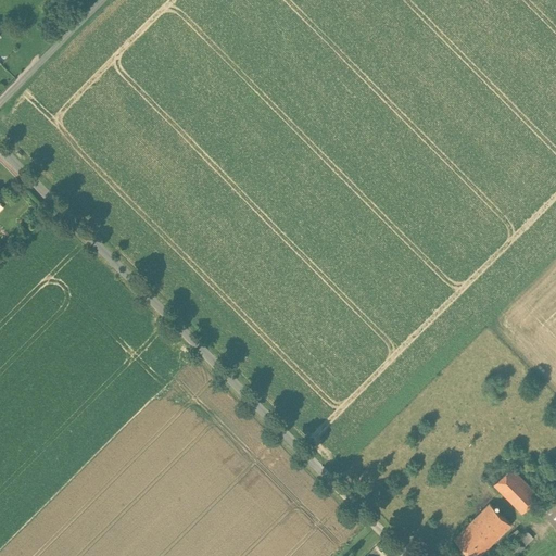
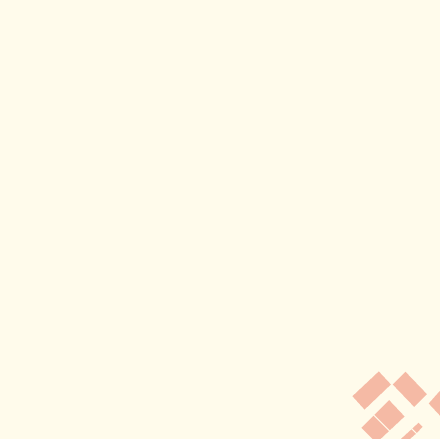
building: none -> [352,370,392,410]

